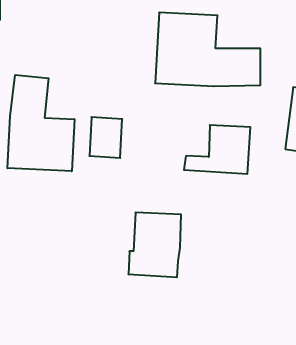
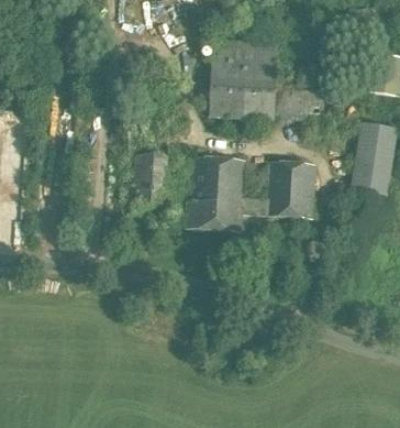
building: [7,75,74,171] -> none
building: [128,213,181,277] -> [185,158,243,230]

